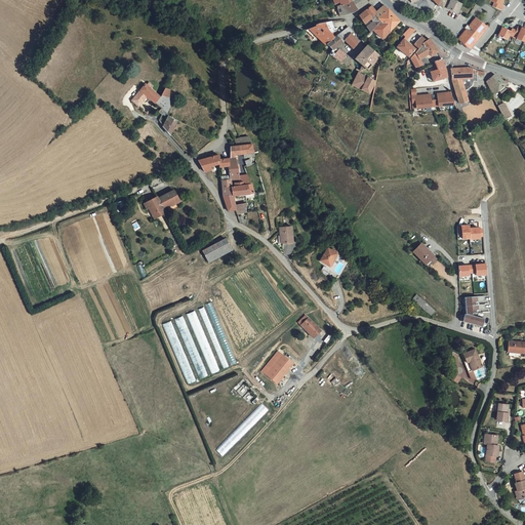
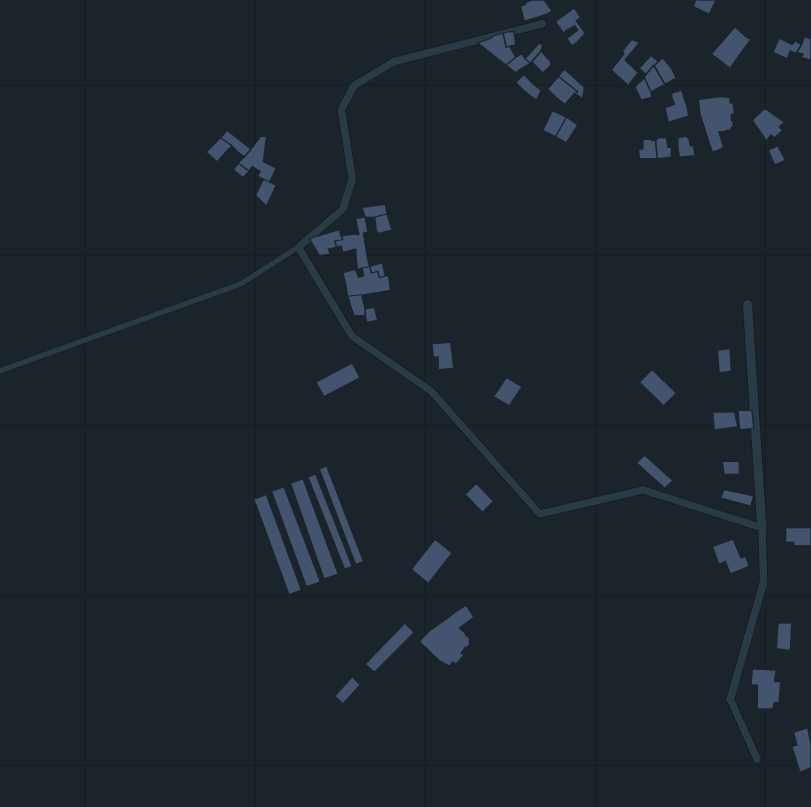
building: [372,6,399,40] -> none
building: [147,187,178,213] -> none
building: none -> [420,605,474,666]

